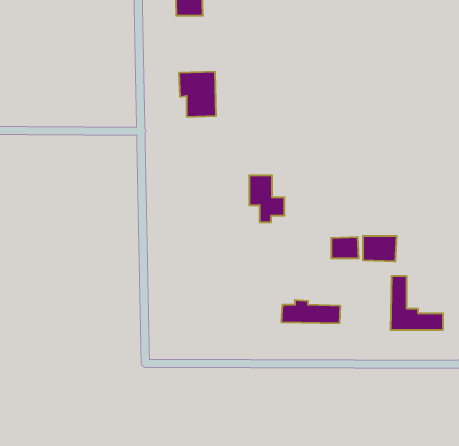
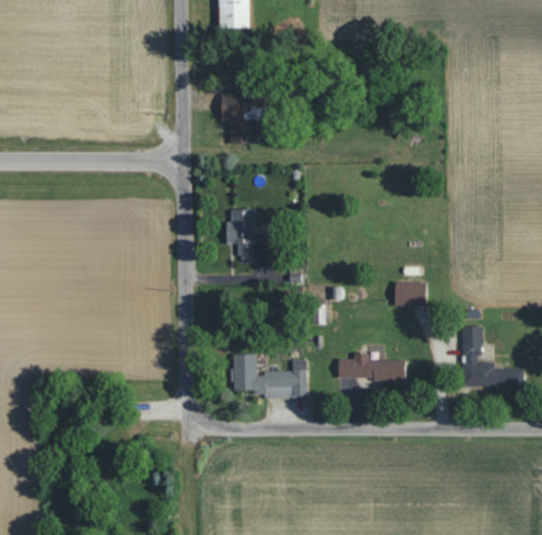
building: [249,175,285,222] -> [227,209,268,263]
building: [363,236,396,262] -> none
building: none -> [233,354,307,397]

